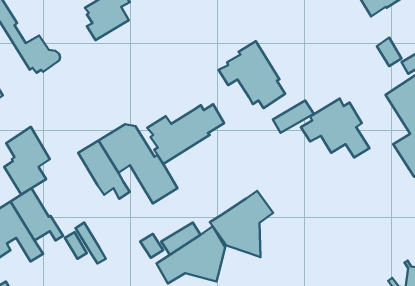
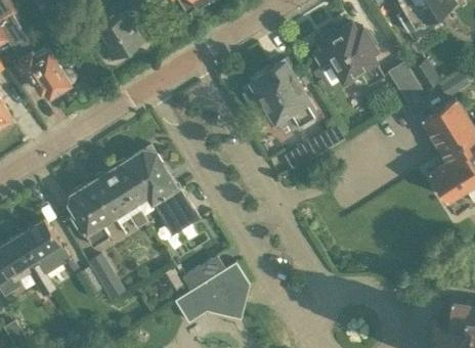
building: none -> [388,59,425,100]
building: [301,99,369,158] -> [311,24,385,87]
building: [147,104,224,164] -> none
building: [4,127,50,195] -> [64,180,114,253]
building: [210,191,273,257] -> none

